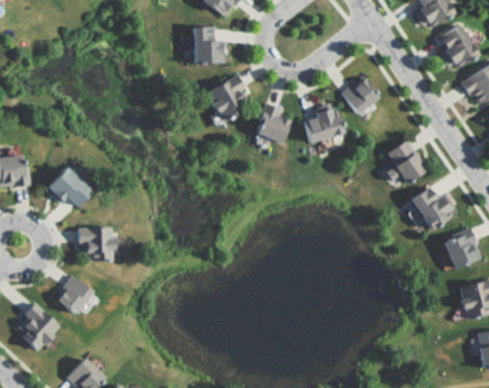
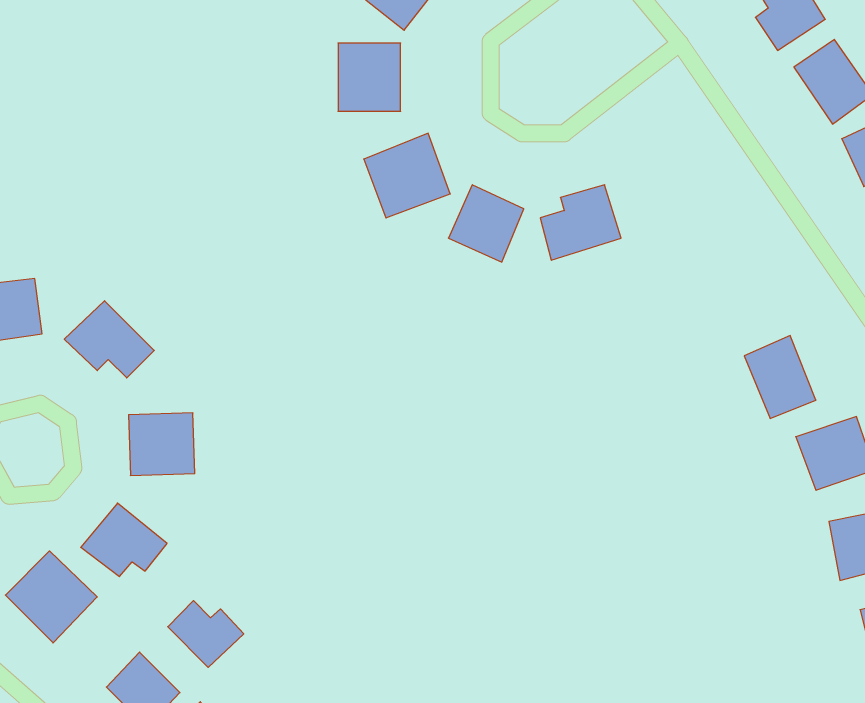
building: [342,75,383,114] -> none
building: [387,138,430,183] -> none
building: none -> [168,601,244,667]

